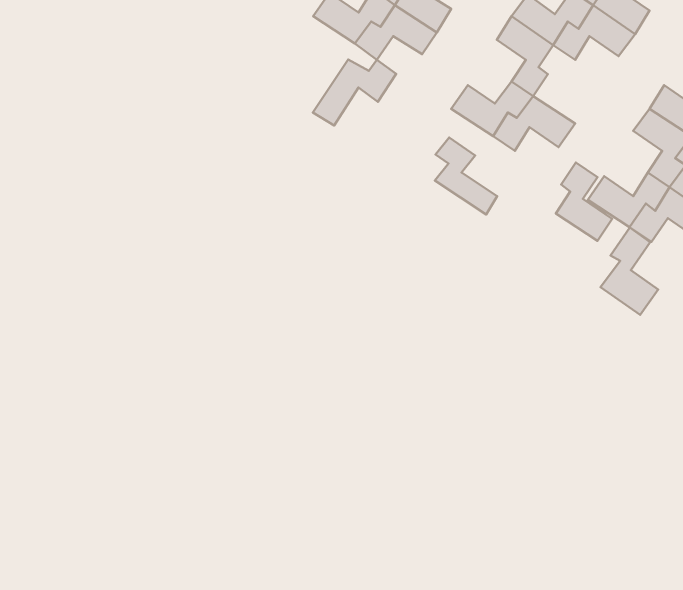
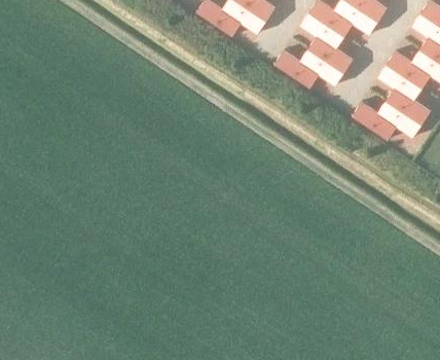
building: [313,60,396,125] -> none
building: [435,137,497,215] -> none
building: [556,163,612,241] -> [322,27,354,71]
building: [600,227,658,315] -> none

